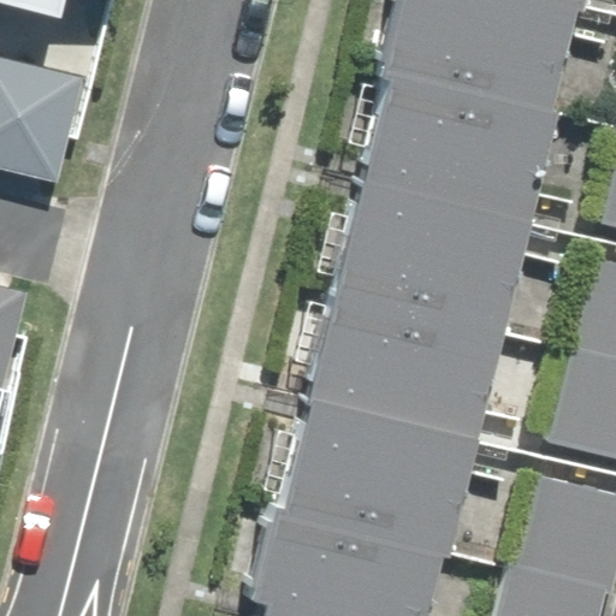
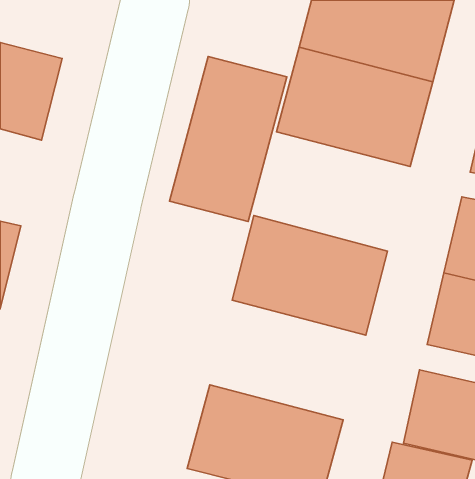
building: none -> [169,56,287,222]
building: [332,171,532,324] -> none
building: [276,386,475,539] -> none

